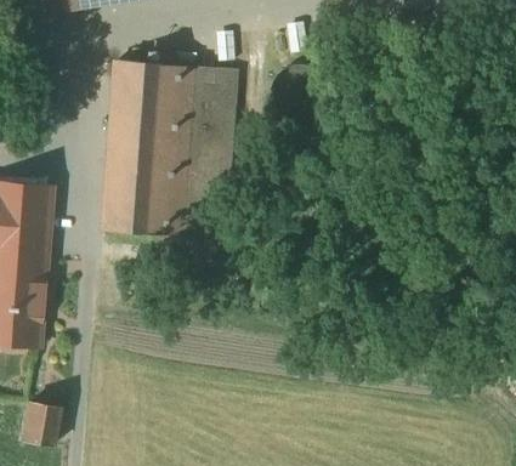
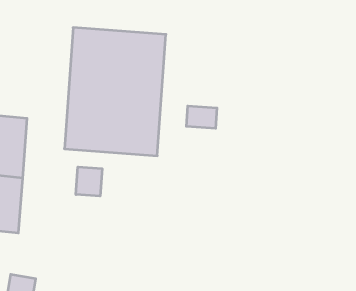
building: none -> [186,106,217,128]
building: none -> [76,167,102,196]

